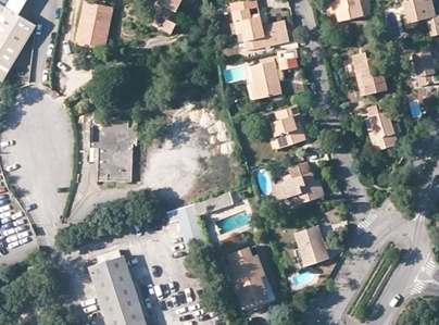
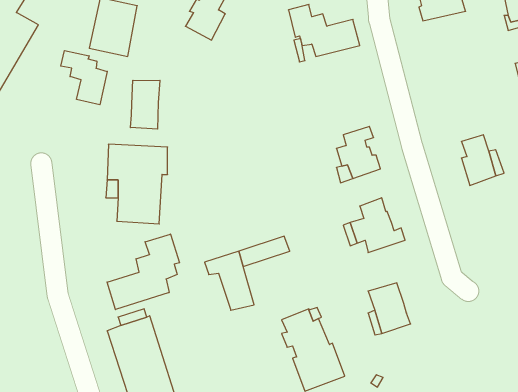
building: none -> [61,51,107,105]
building: [250,48,298,99] -> none
building: [352,52,388,97] -> none
building: none -> [130,80,160,129]
building: none -> [107,234,180,310]

